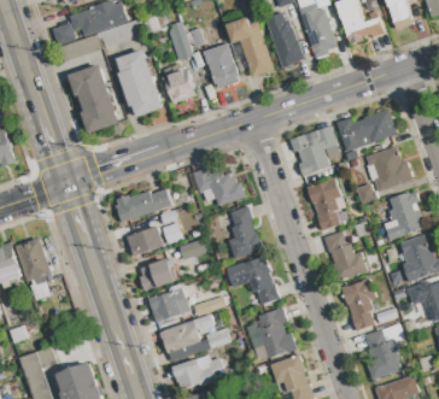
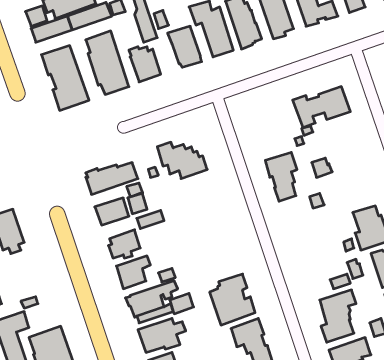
building: [289,127,336,177] -> none
building: [365,147,412,192] -> none
building: [384,192,421,241] -> none
building: [228,206,263,259] -> none
building: [323,231,367,281] -> none
building: [226,256,279,305] -> none
building: [340,278,375,331] -> none

